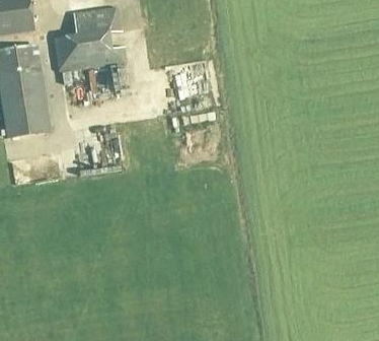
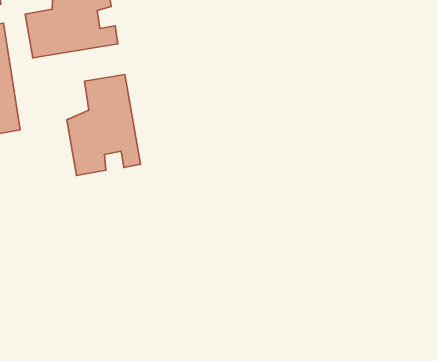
building: none -> [67,75,140,175]

